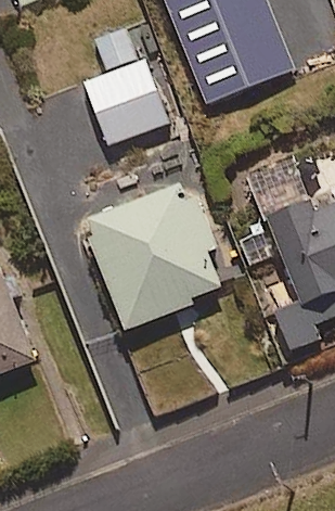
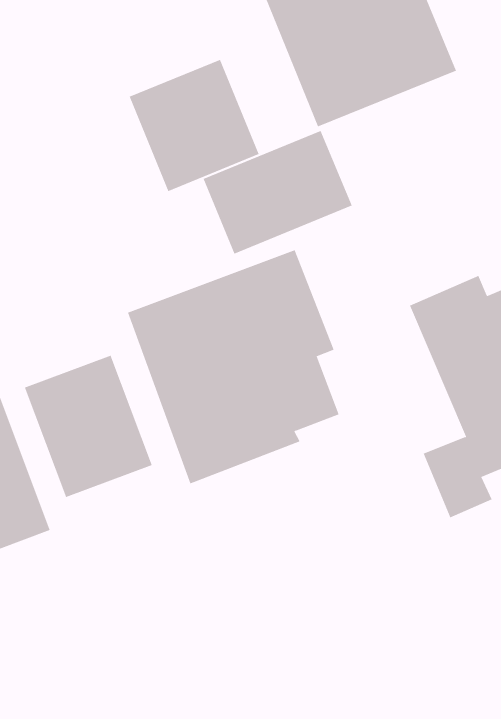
building: none -> [203,130,352,254]
building: none -> [24,355,152,498]

